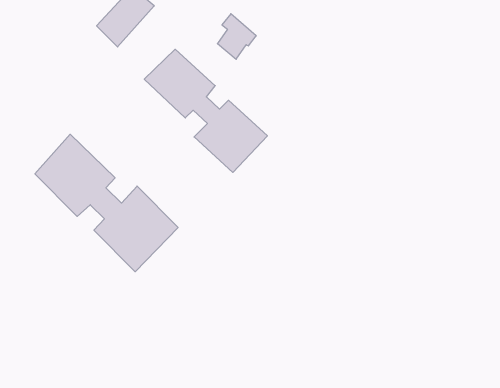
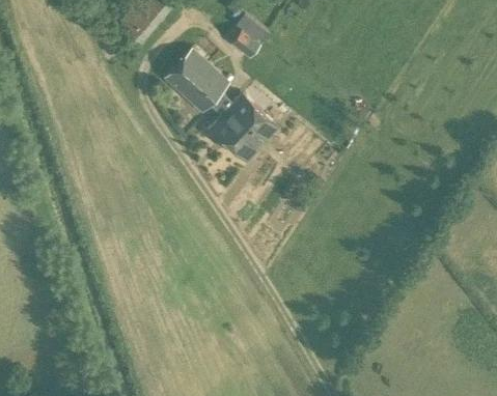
building: [35,134,178,272] -> none

